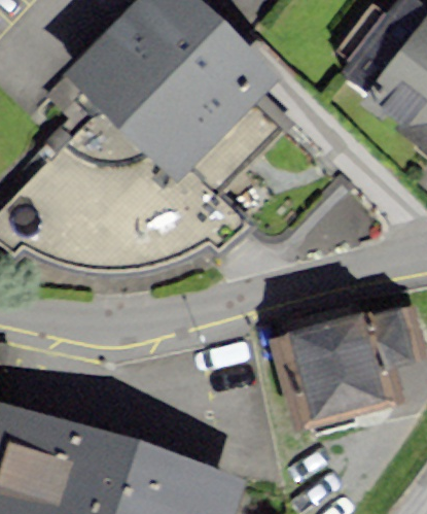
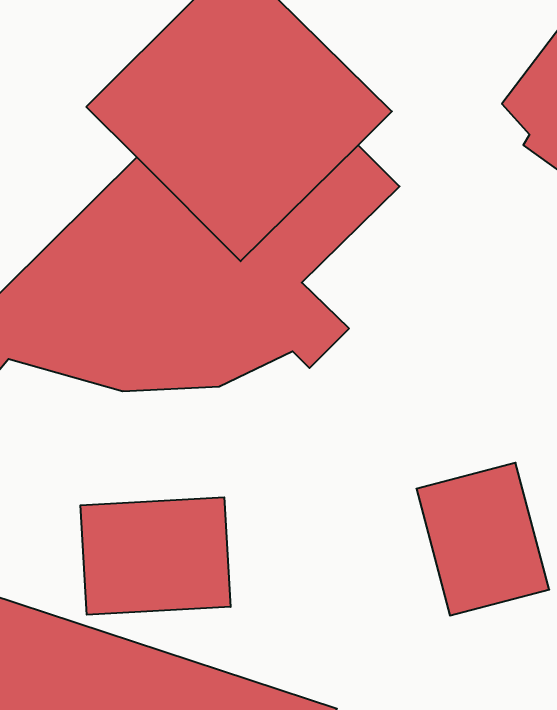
building: none -> [80,497,231,615]

